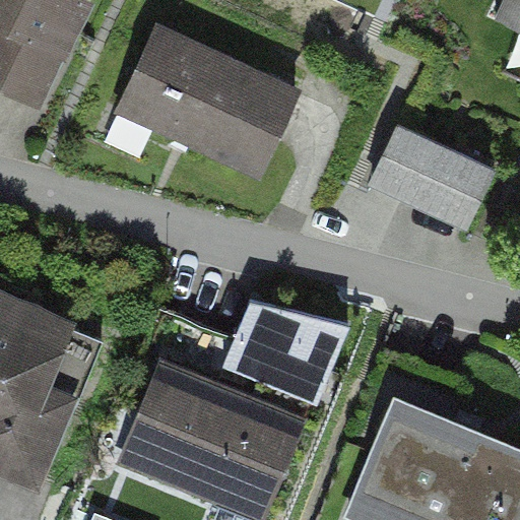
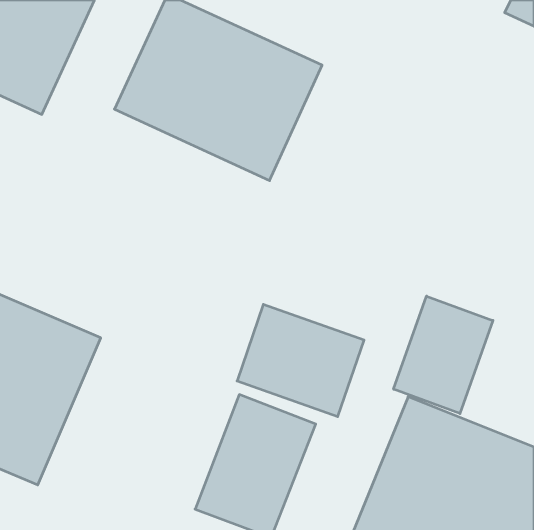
building: [369,129,499,241] -> none
building: none -> [394,296,493,414]
building: [115,359,232,499] -> none

